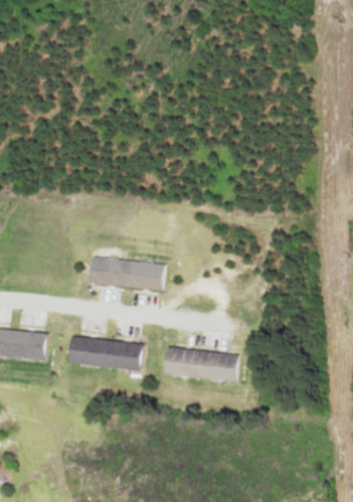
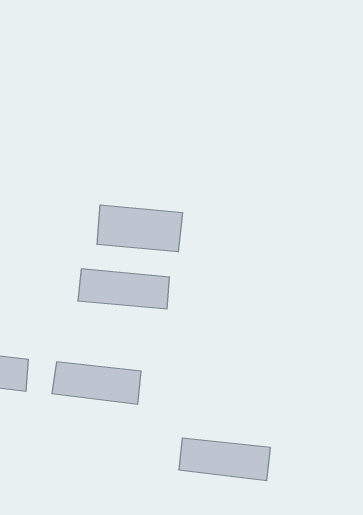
building: none -> [97,205,182,252]
building: [162,347,240,383] -> [179,438,270,480]

